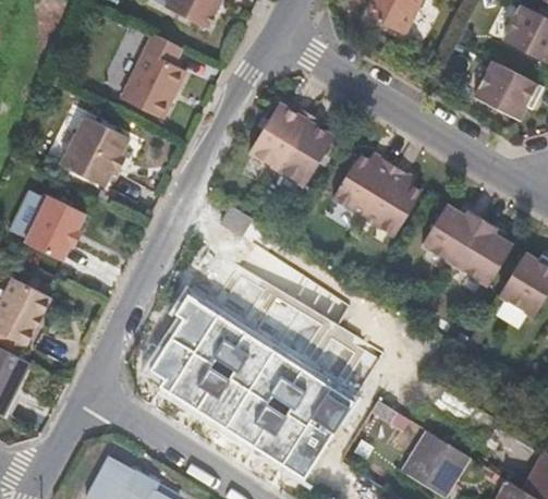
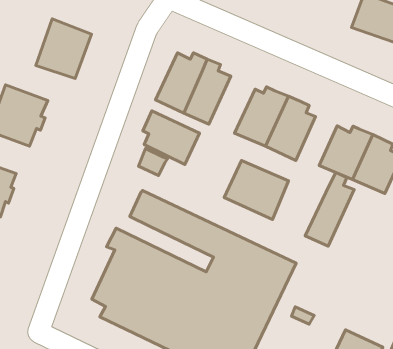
building: none -> [143,111,199,164]
building: none -> [224,160,289,219]
building: none -> [305,173,354,246]

